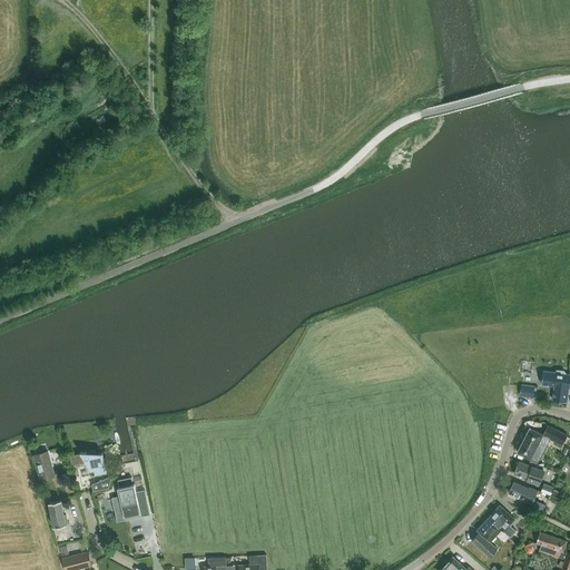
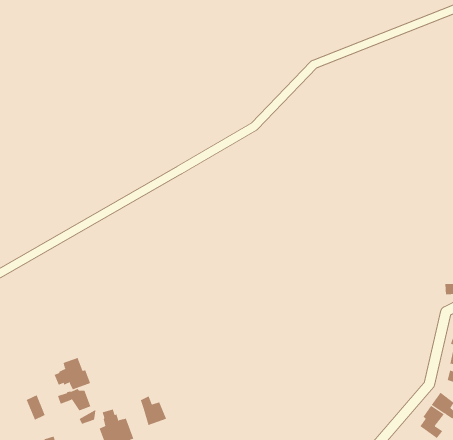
building: none -> [54,357,91,390]
building: none -> [140,396,167,426]

